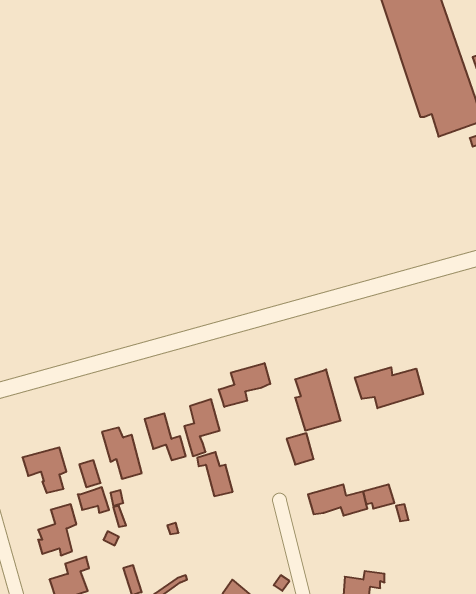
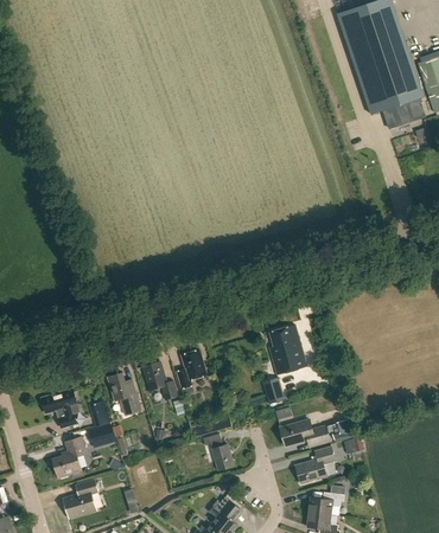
building: [219,363,270,407] -> none
building: [355,367,423,408] -> none
building: [197,452,233,496] -> [204,432,234,469]
building: none -> [295,445,335,483]

